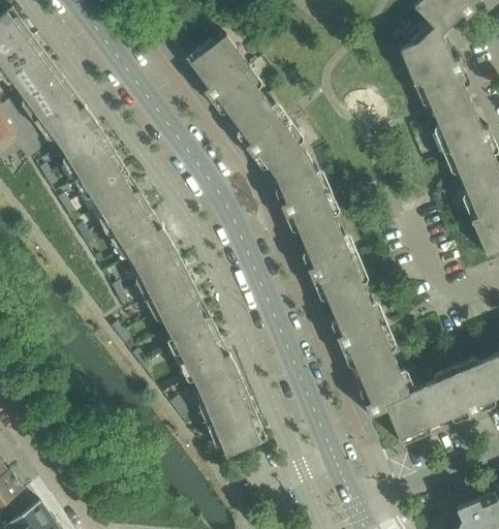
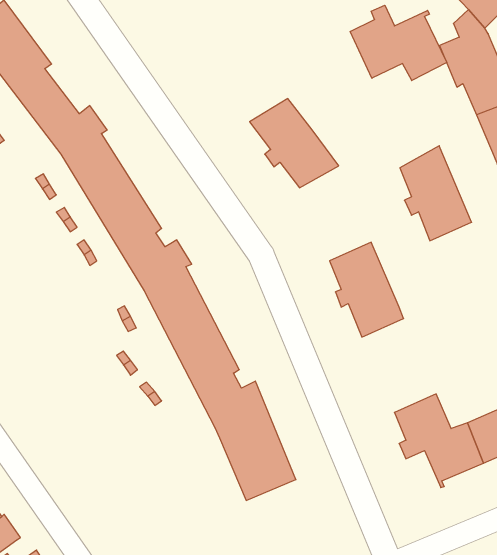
building: none -> [350,5,447,81]
building: [186,36,264,118] -> none
building: [275,157,339,242] -> [400,146,472,241]
building: [331,293,397,377] -> none

